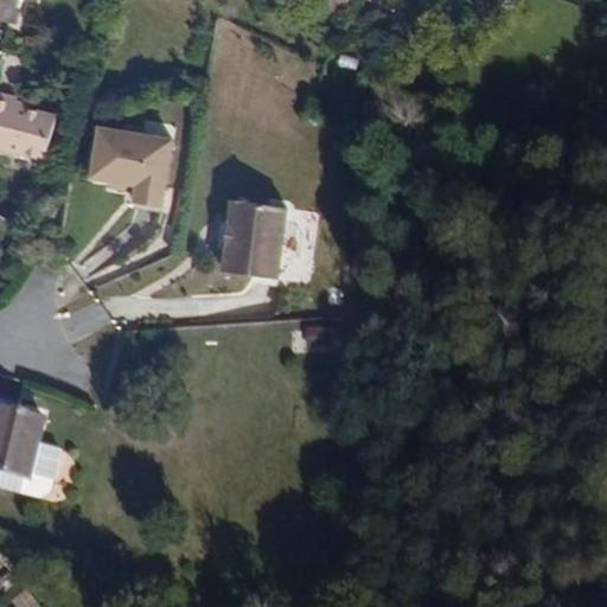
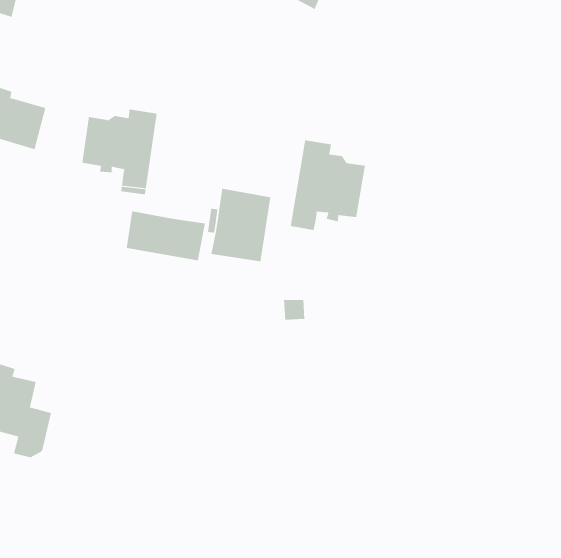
building: none -> [290,140,365,231]
building: none -> [126,211,205,261]

